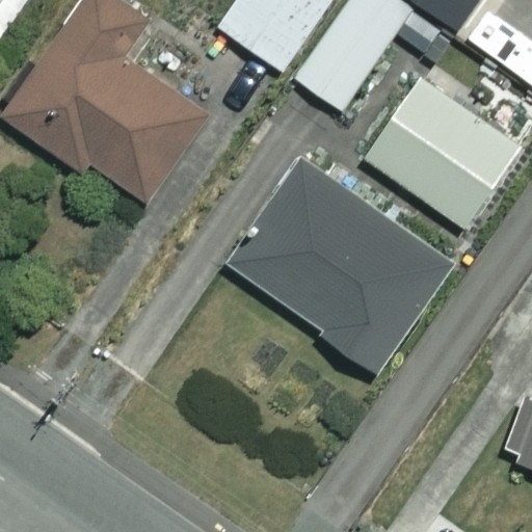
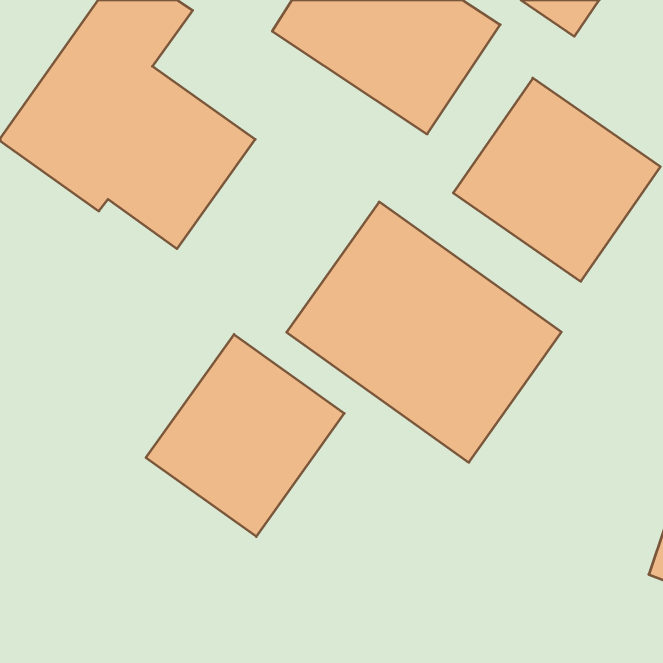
building: none -> [146,334,344,537]

